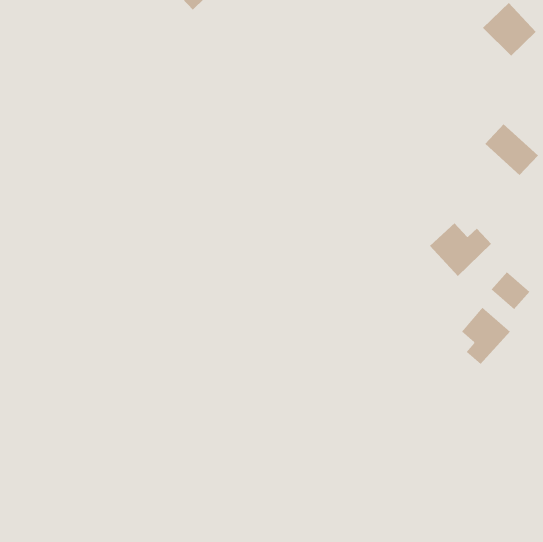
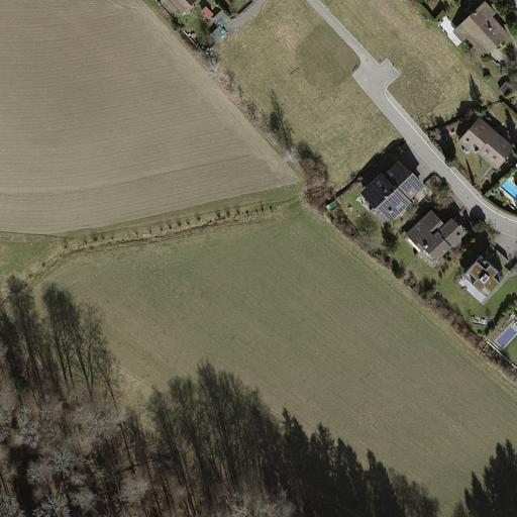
building: none -> [363,160,422,218]
building: [461,307,511,365] -> none

